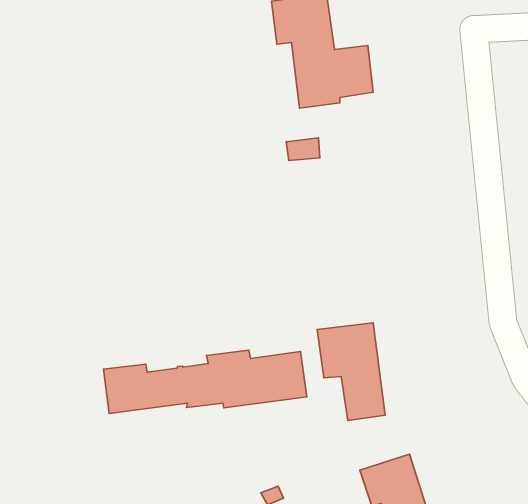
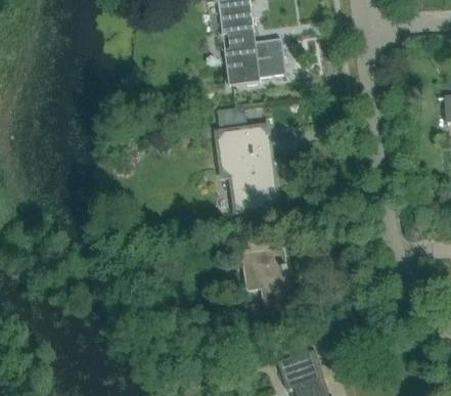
building: none -> [216,127,275,212]
building: [103,350,307,414] -> none

